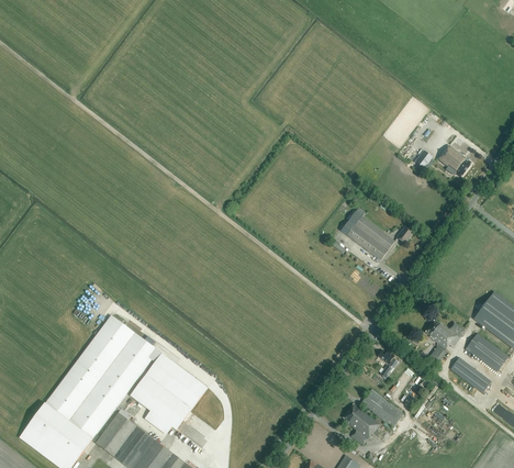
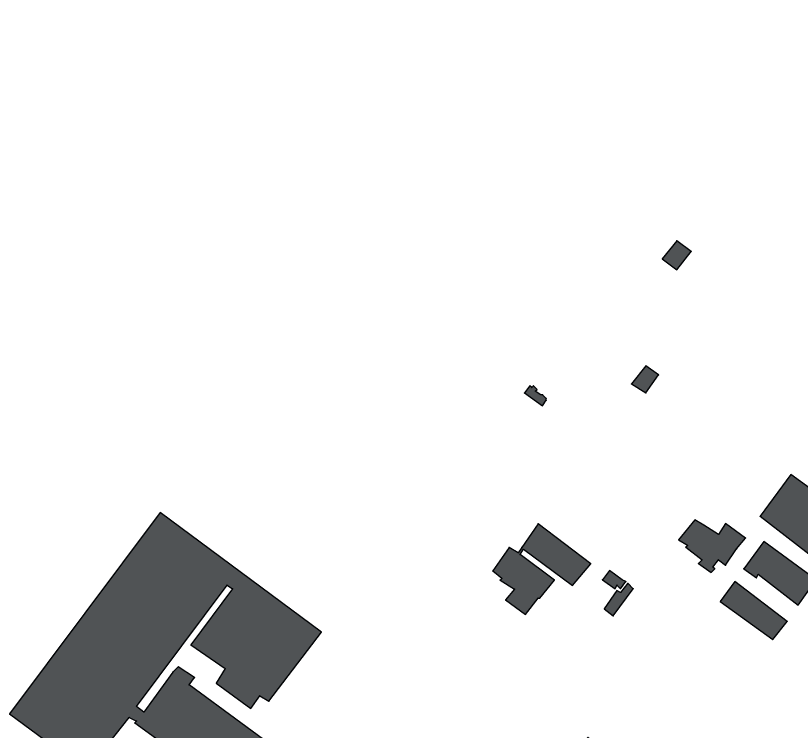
building: [437,145,471,177] -> none
building: [342,207,395,260] -> none
building: [344,389,403,444] -> [493,524,591,614]

